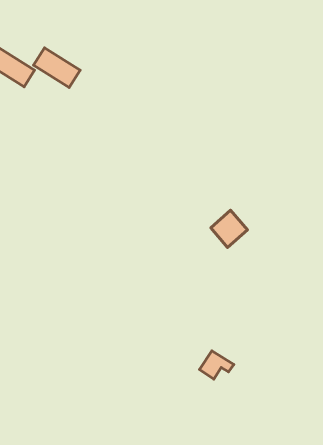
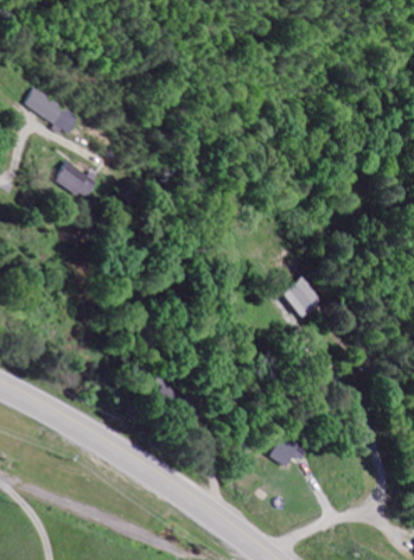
building: [34,48,80,87] -> none
building: none -> [50,159,93,199]

